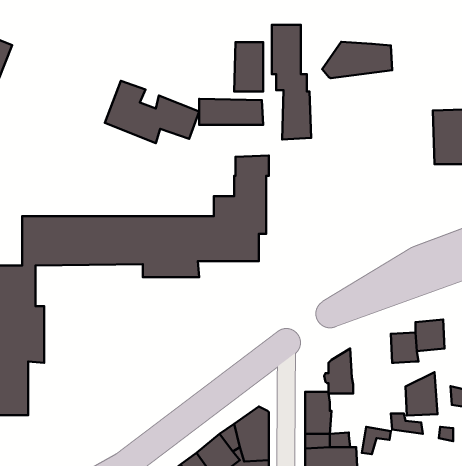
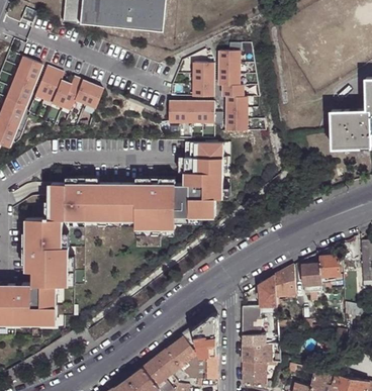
building: [322,42,392,78] -> none
building: [105,81,199,143] -> [34,68,100,111]
building: [406,372,437,416] -> [274,266,296,296]

